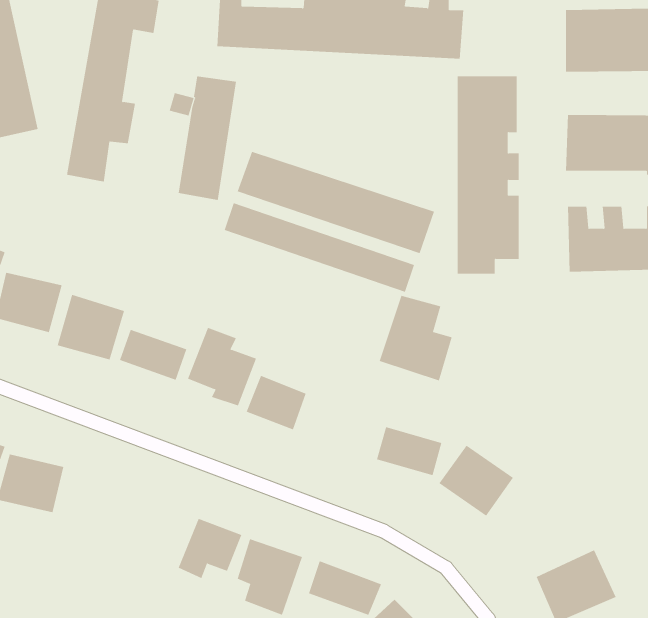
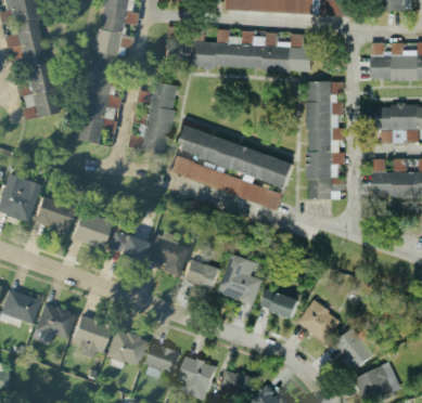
building: [379,295,452,381] -> [217,253,260,304]
building: none -> [71,314,112,359]
building: none -> [332,327,372,372]
building: none -> [106,328,148,367]

